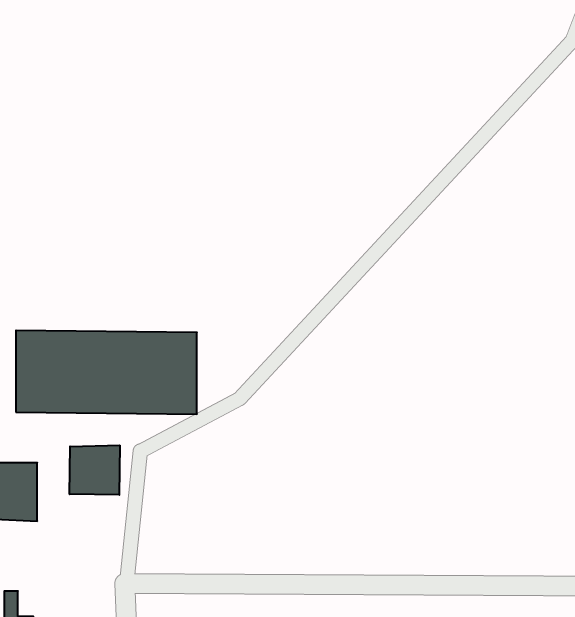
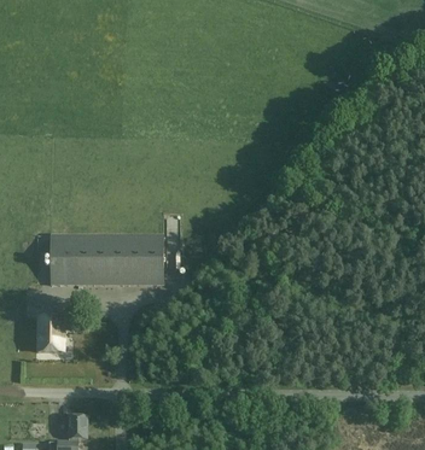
building: [70,445,120,495] -> none

